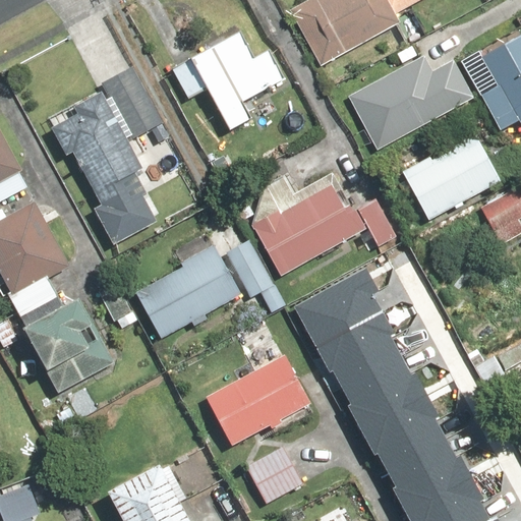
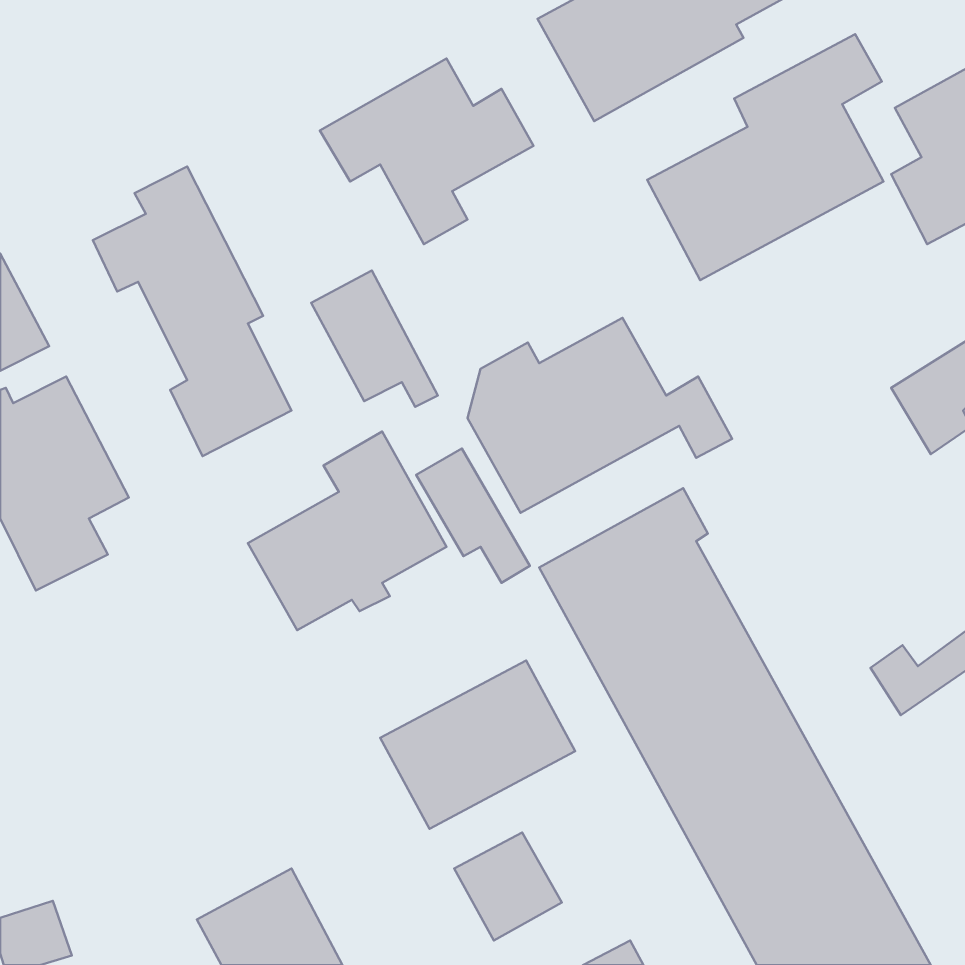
building: [103,67,171,140] -> [311,271,438,407]
building: [402,123,499,221] -> none
building: [21,297,113,393] -> none

